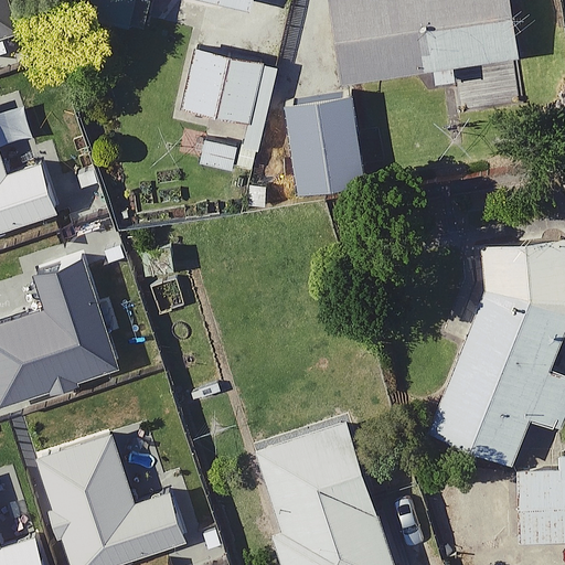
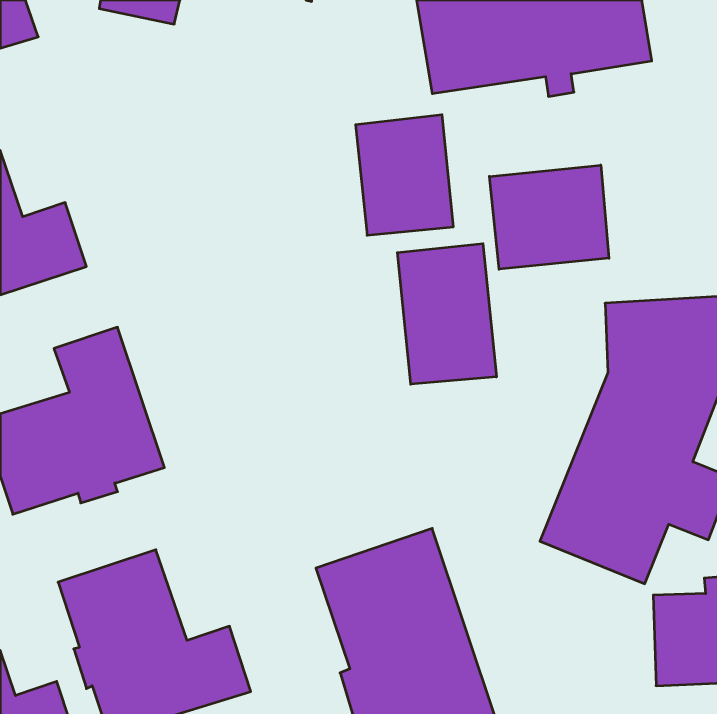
building: [180,24,276,125] -> none
building: none -> [489,165,609,269]
building: none -> [397,244,496,384]

